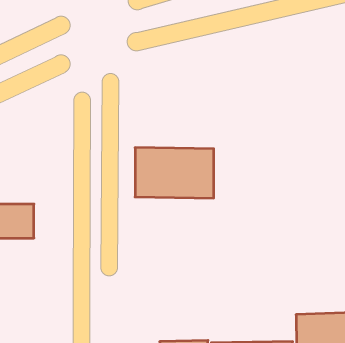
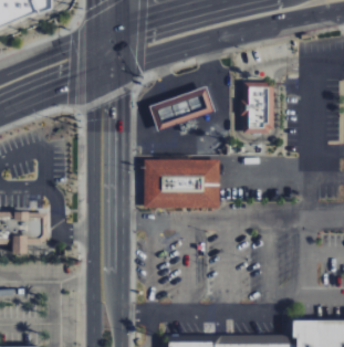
building: none -> [240,81,271,133]
building: none -> [148,86,215,130]

